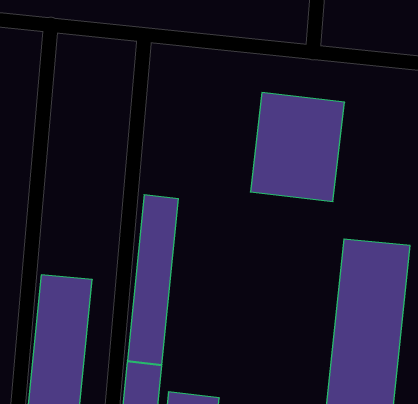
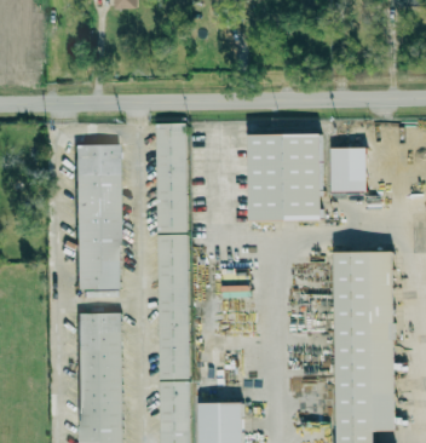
building: none -> [156,123,189,234]
building: none -> [74,145,121,290]
building: none -> [330,148,367,192]

